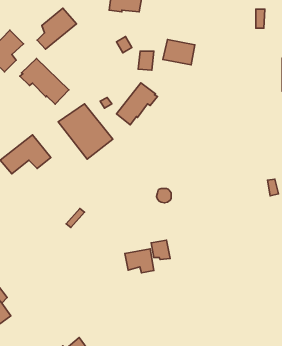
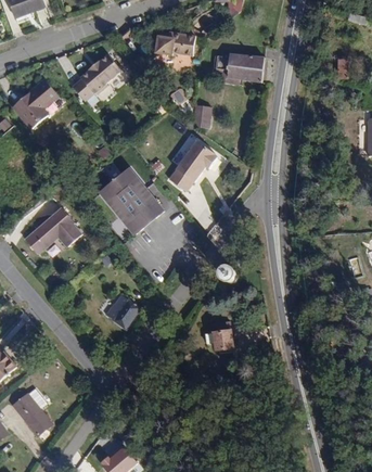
building: [163,39,195,65] -> [226,52,264,82]
building: [20,58,69,104] -> none
building: none -> [113,298,141,329]
building: [125,249,154,273] -> none

